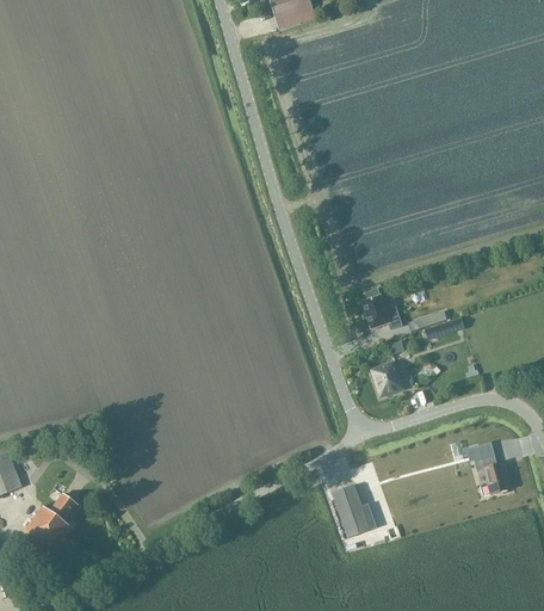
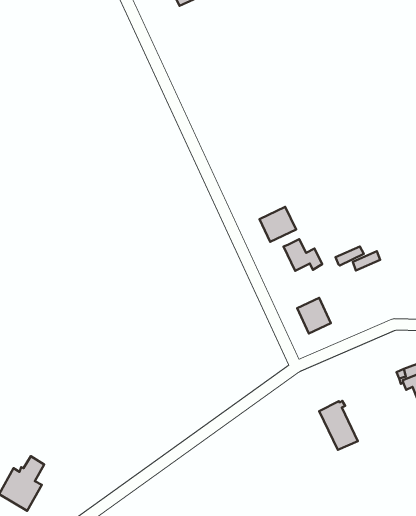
building: none -> [259,207,296,242]
building: [332,483,370,536] -> [319,401,358,450]

